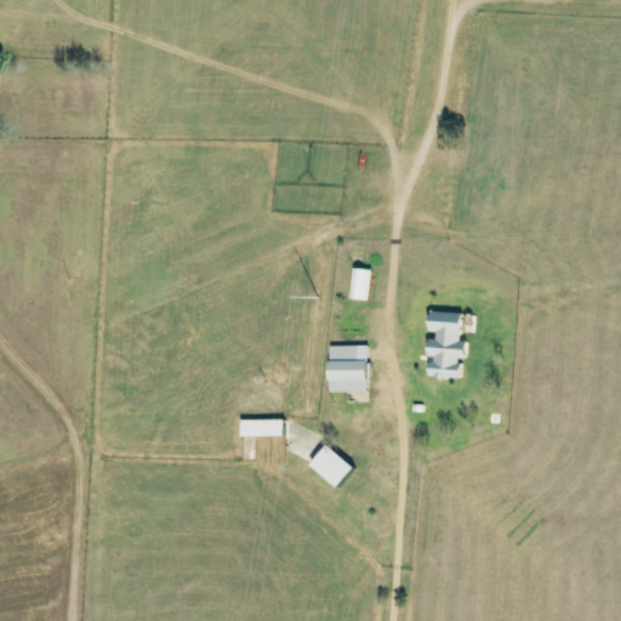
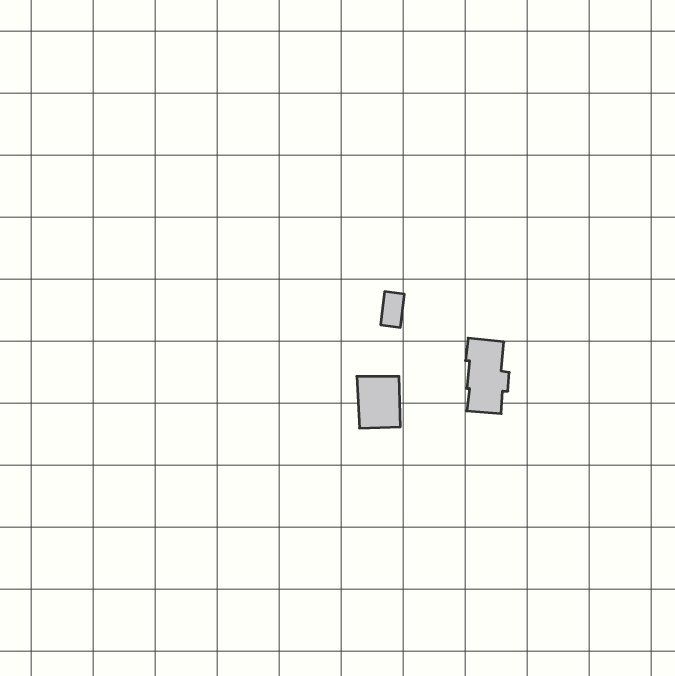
building: [239,418,283,435] -> none
building: [308,443,352,486] -> none

